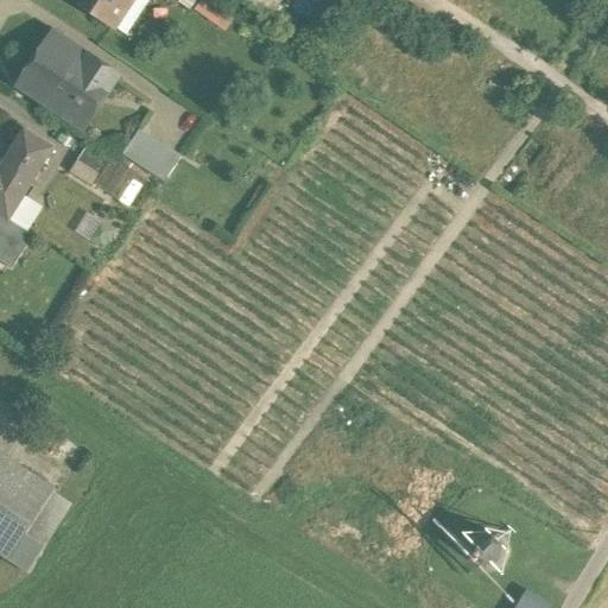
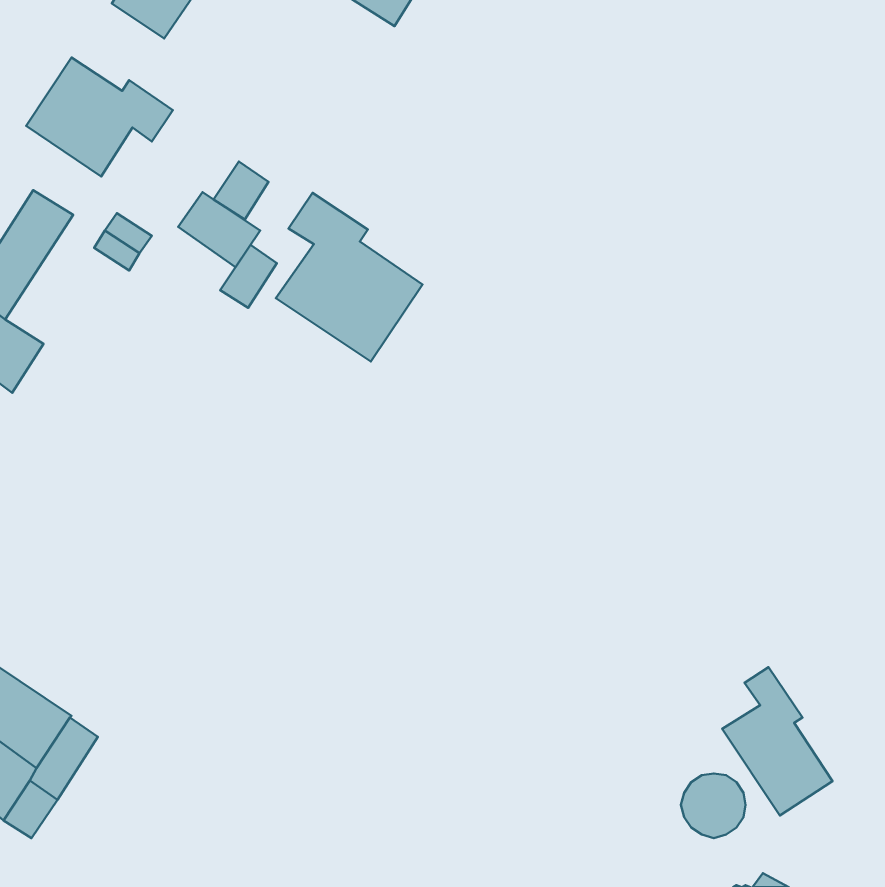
building: none -> [213,161,268,219]
building: none -> [276,193,423,361]
building: none -> [220,245,277,308]
building: none -> [722,667,832,816]

